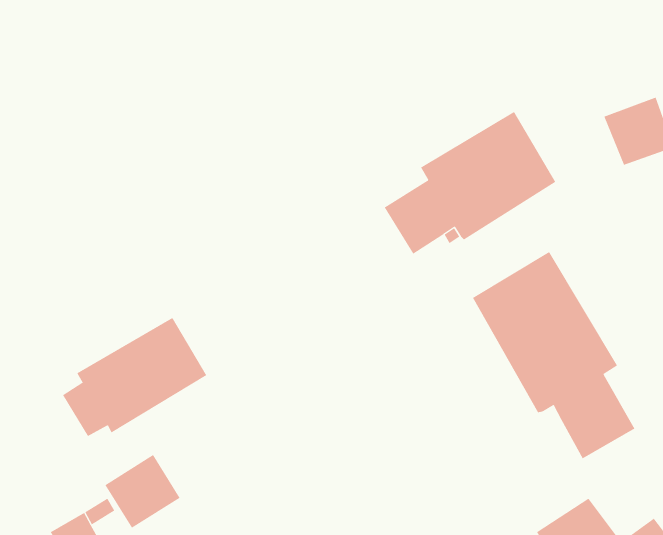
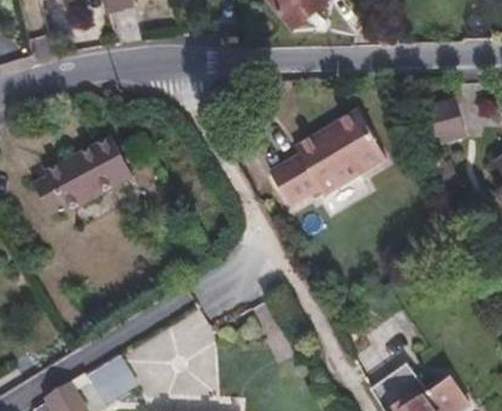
building: [472,251,635,459] -> none
building: [62,317,207,437] -> [35,125,131,204]

